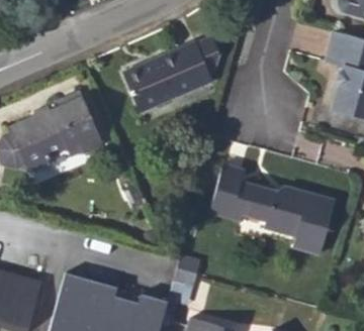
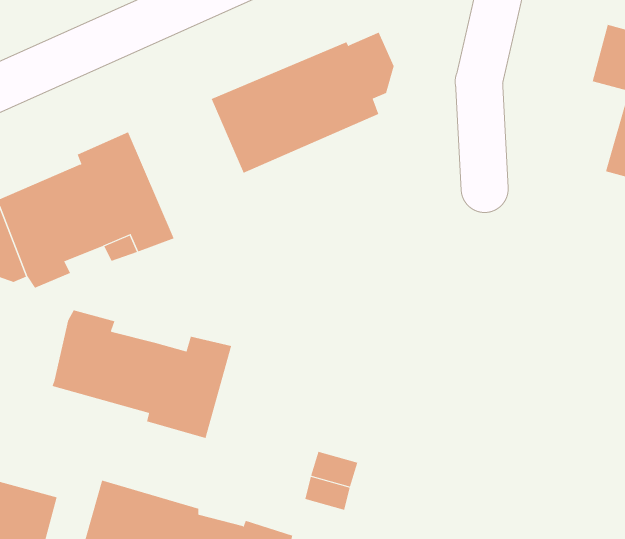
building: [212,164,336,253] -> none
building: none -> [52,310,232,439]

